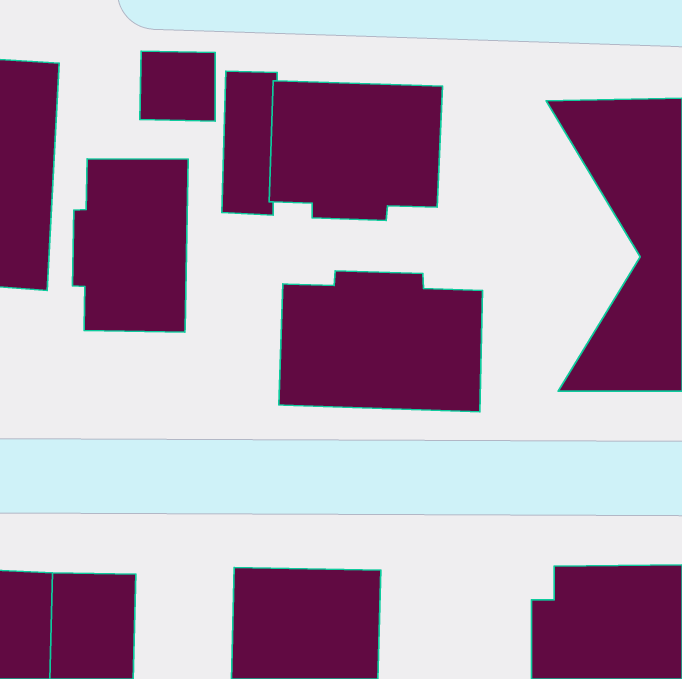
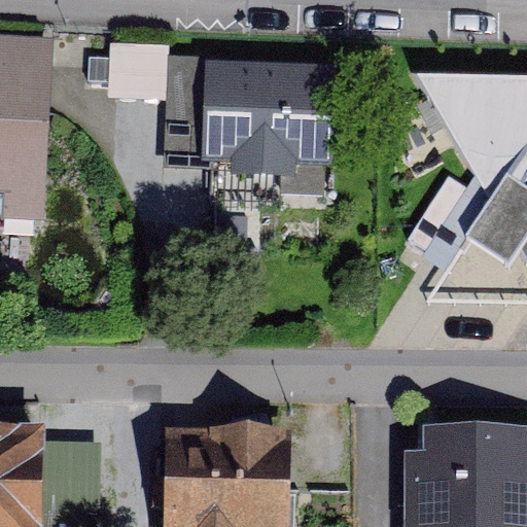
building: [73,159,188,332] -> none
building: [279,271,482,412] -> none

